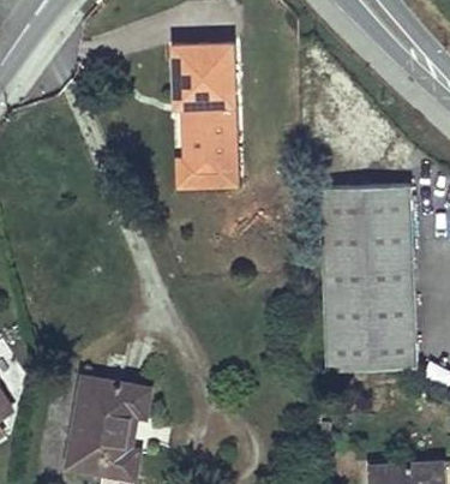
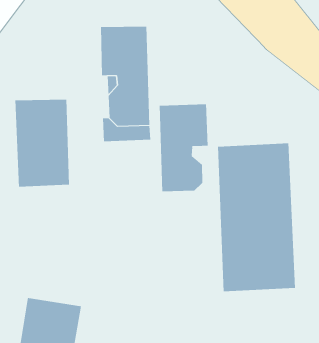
building: none -> [15,99,70,187]
building: none -> [159,104,208,192]

